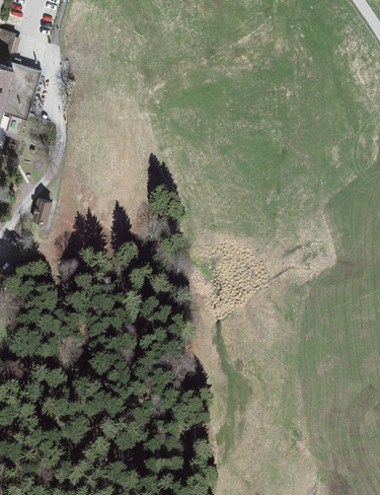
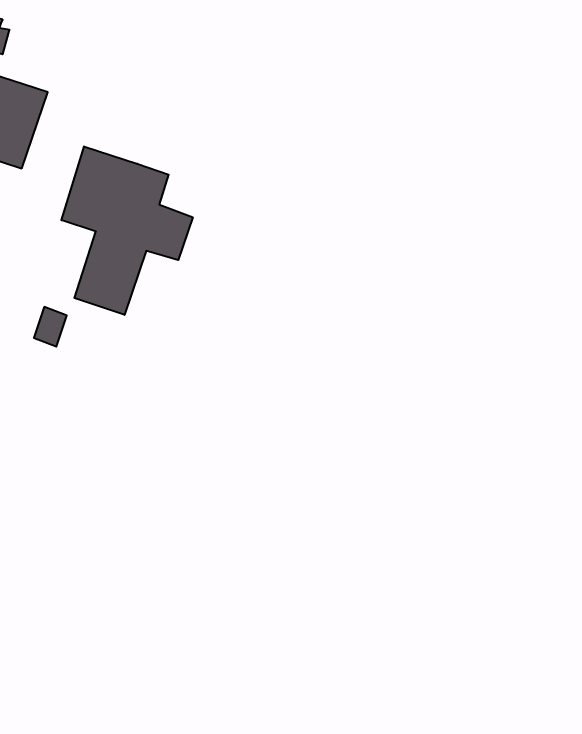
building: none -> [61,146,193,315]

